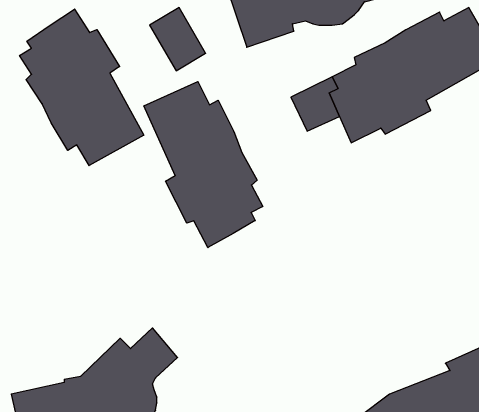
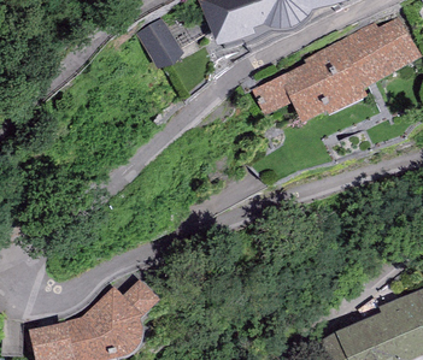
building: [20,9,144,166] -> none
building: [144,82,263,248] -> none

